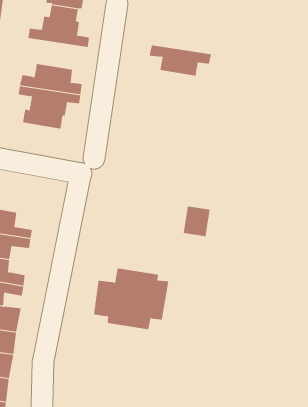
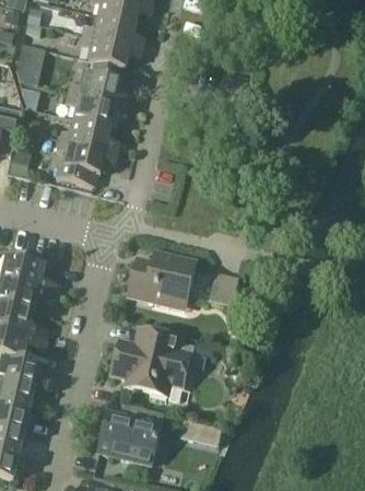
building: [149,45,212,76] -> [64,91,128,126]
building: none -> [127,252,195,307]
building: none -> [97,402,162,463]

